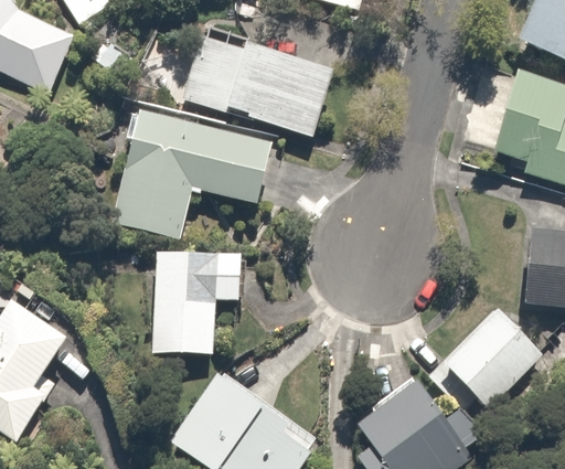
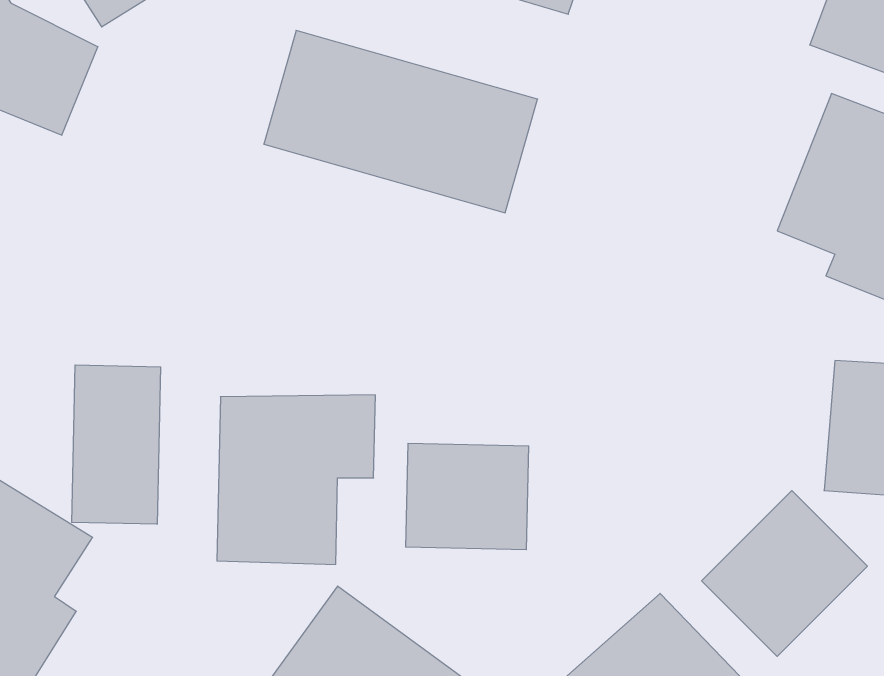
building: [115,104,276,235] -> none
building: none -> [72,365,161,524]
building: none -> [406,443,529,550]

